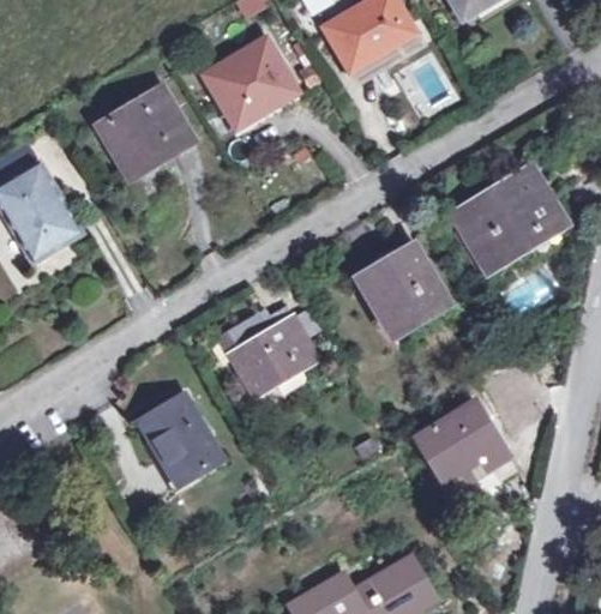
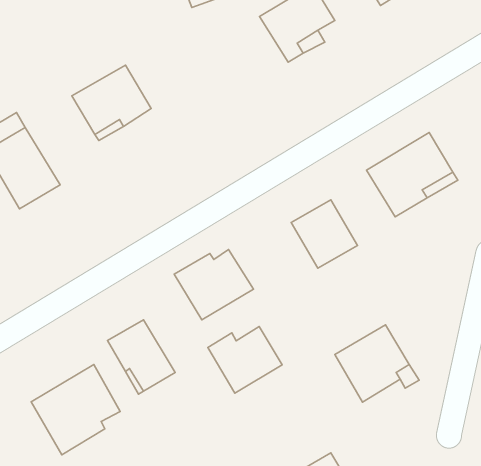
building: [205,40,298,128] -> none
building: none -> [208,326,282,393]
building: none -> [31,365,120,455]

